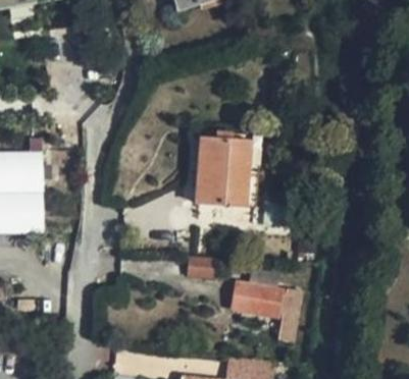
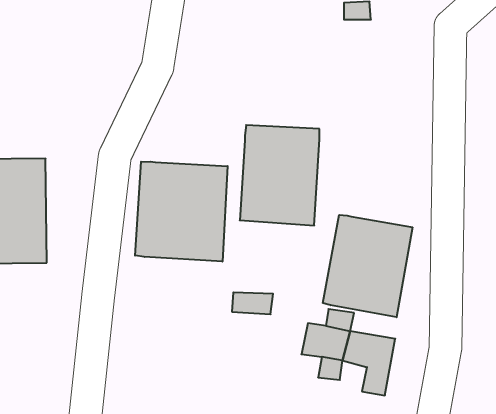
building: none -> [135,162,228,262]
building: none -> [323,215,412,317]

